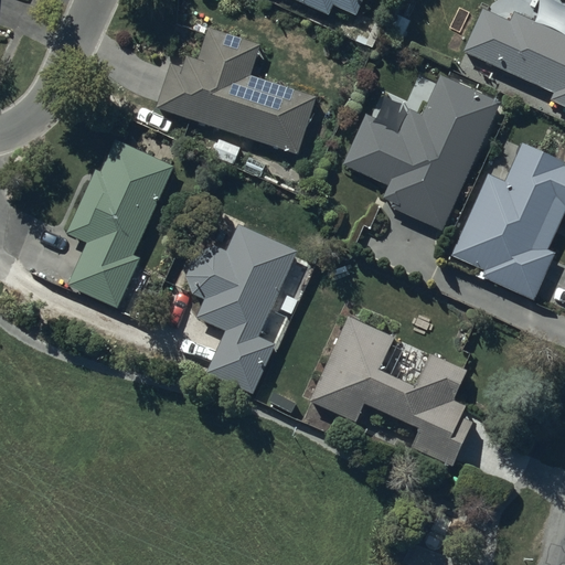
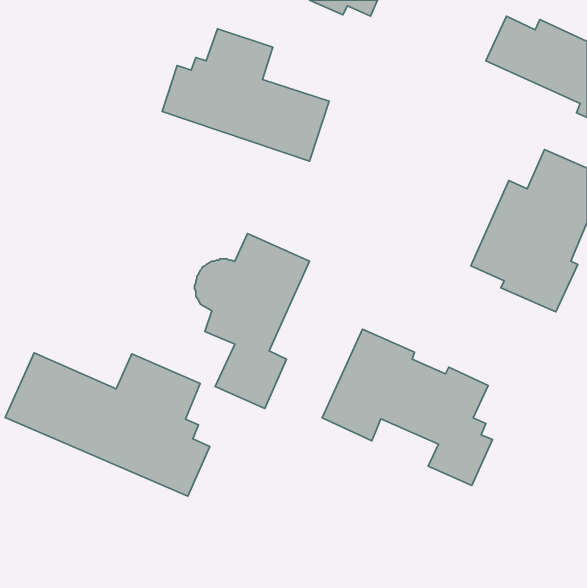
building: [344,76,498,228] -> none
building: [67,140,173,307] -> none
building: none -> [5,353,210,496]

